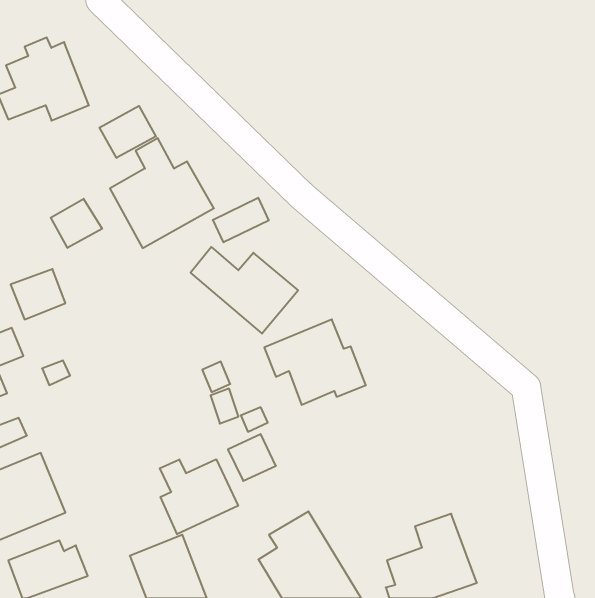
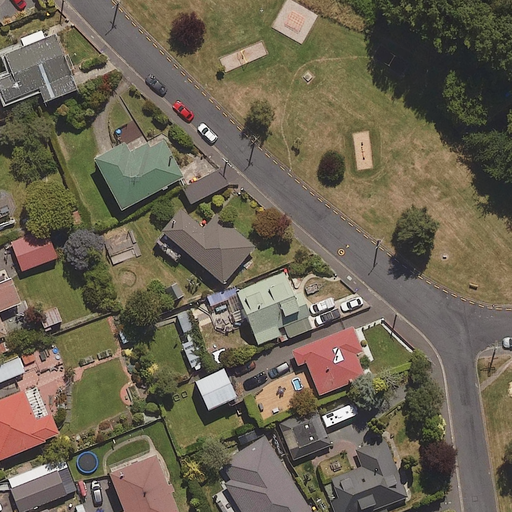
building: [100,106,156,158] -> none
building: [51,199,102,248] -> none
building: none -> [292,327,364,396]
building: [160,459,238,534] -> none
building: none -> [277,410,329,460]

